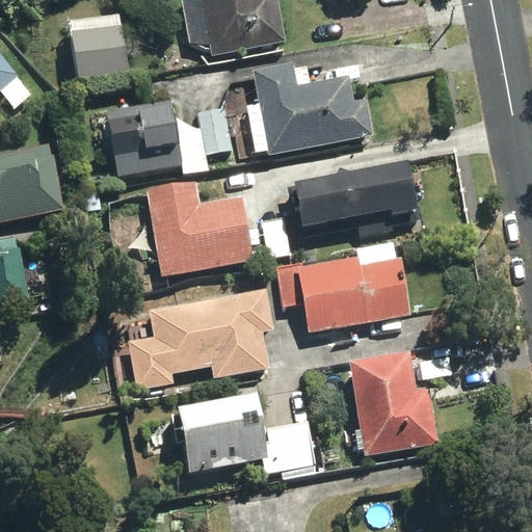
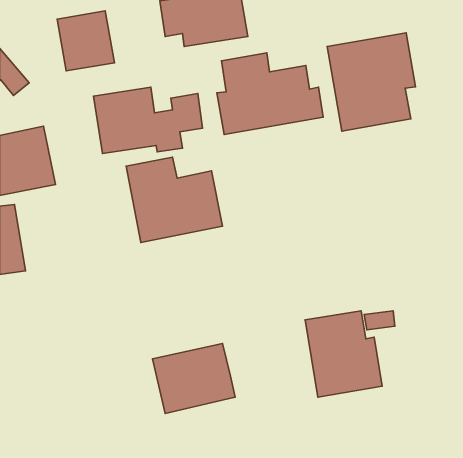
building: none -> [327,33,416,131]
building: [291,164,417,232] -> none
building: [274,241,411,331] -> none
building: [127,285,272,392] -> none
building: [261,419,322,473] -> none

